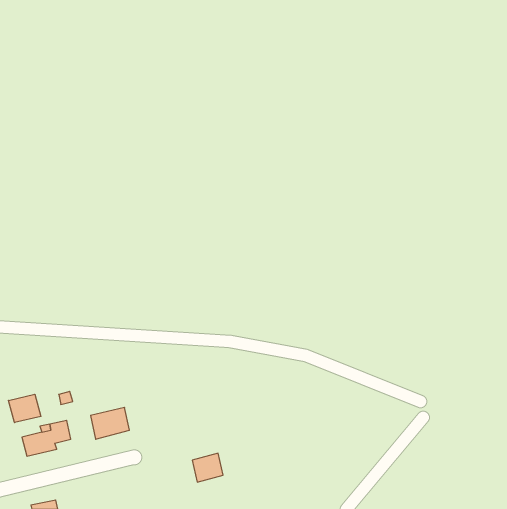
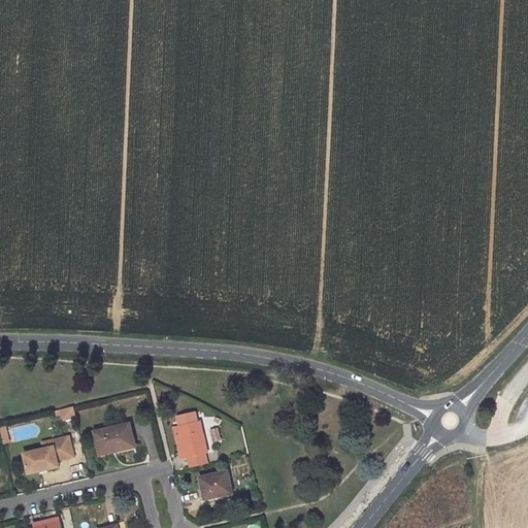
building: [8,394,41,423] -> none
building: none -> [176,420,206,457]

